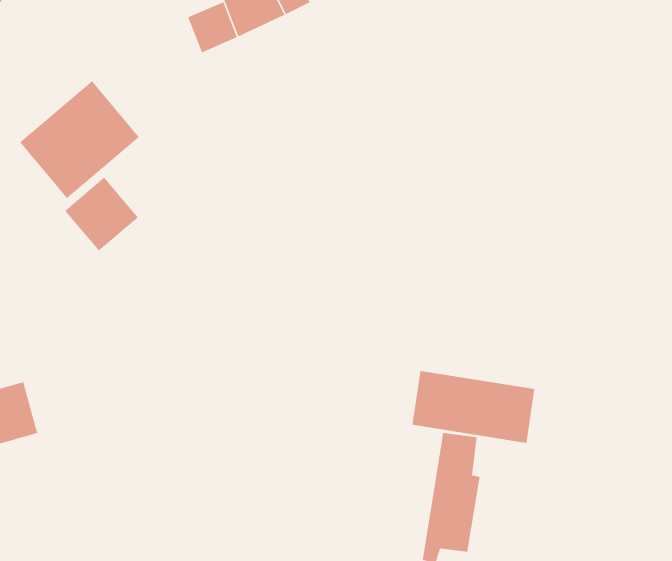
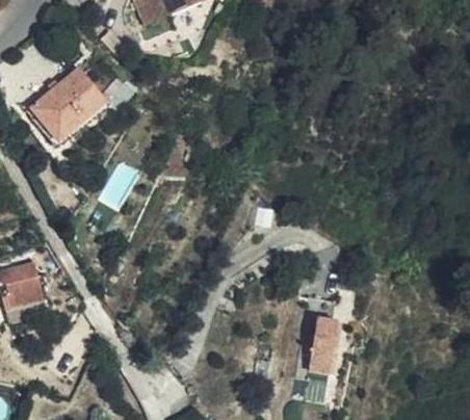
building: [64,177,139,252] -> none
building: [412,370,535,444] -> none

